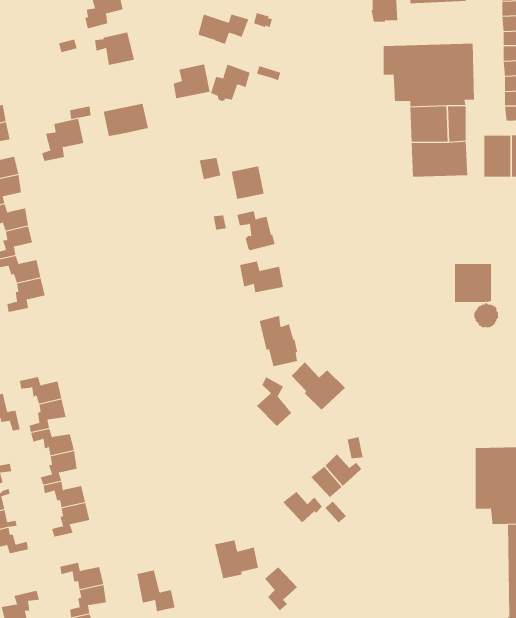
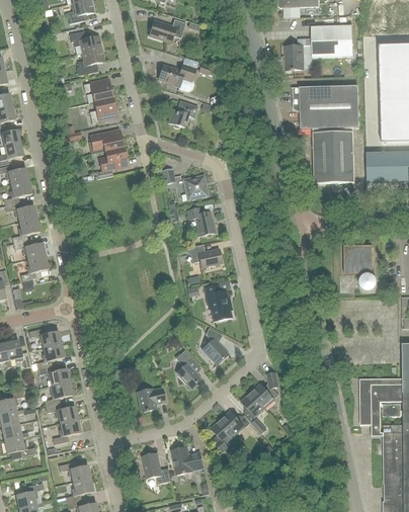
building: [173,64,211,99] -> [90,97,117,122]
building: [41,118,84,161] -> [96,147,128,178]
building: [291,361,346,411] -> none
building: none -> [175,349,200,387]
building: none -> [137,387,165,411]
building: [264,566,298,611] -> [211,418,235,450]
building: [137,570,176,612] -> [143,452,171,483]

